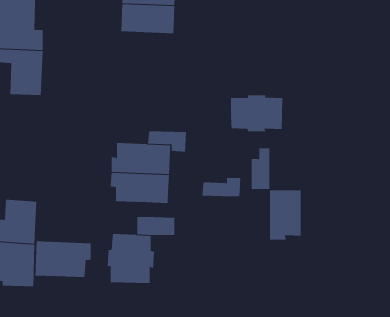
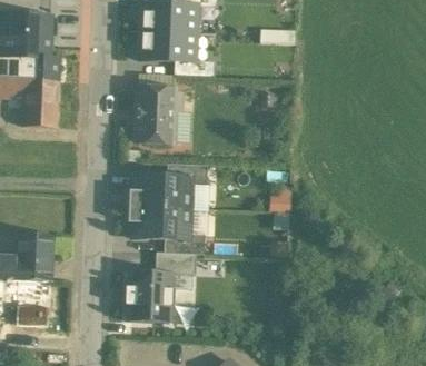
building: none -> [136,87,180,141]
building: [231,94,283,132] -> none
building: [202,178,241,197] -> [164,233,205,253]
building: [270,189,301,241] -> none
building: [35,240,91,278] -> none

